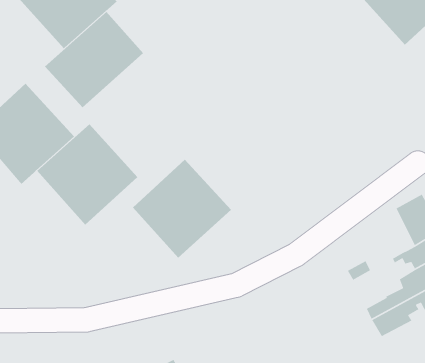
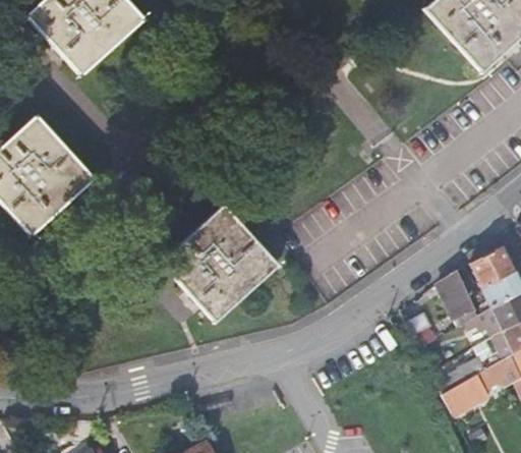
building: [44,11,144,108] -> none
building: [37,123,138,226] -> none
building: none -> [439,272,479,328]

